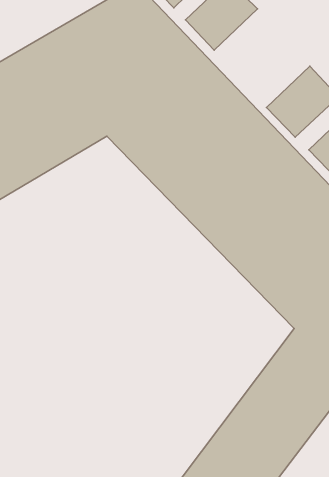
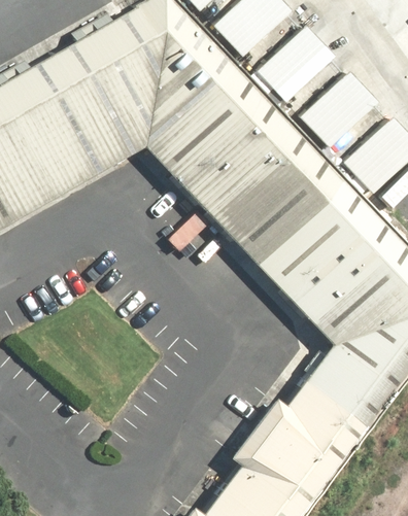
building: none -> [261,26,335,100]

